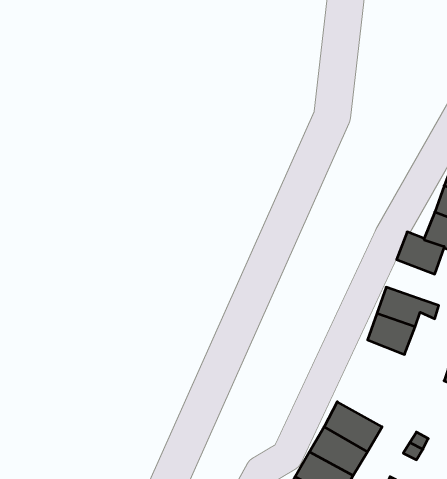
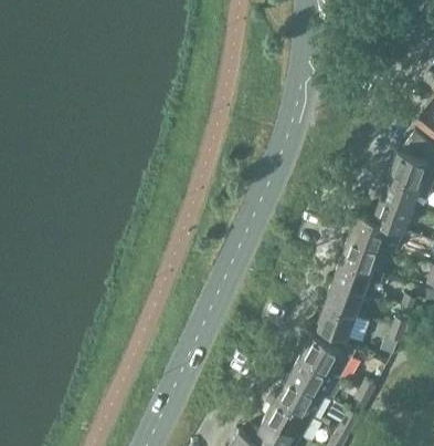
building: none -> [339,238,380,272]
building: none -> [315,305,354,341]
building: none -> [297,332,354,381]

